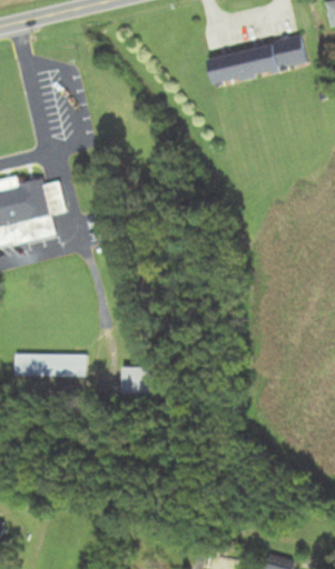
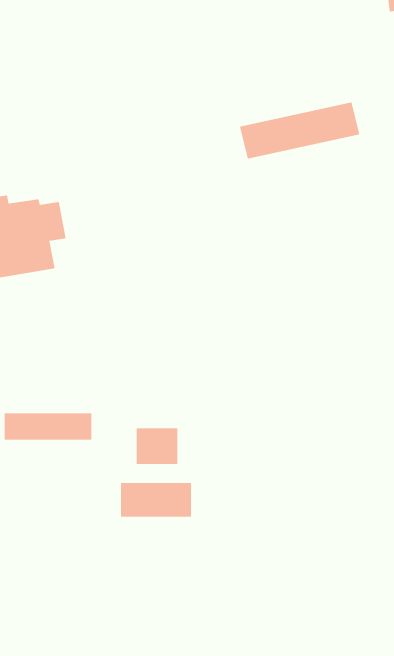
building: [206,37,305,83] -> [239,102,360,159]
building: none -> [120,482,192,518]

